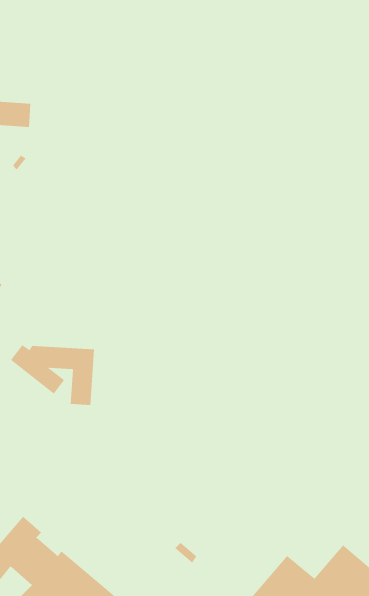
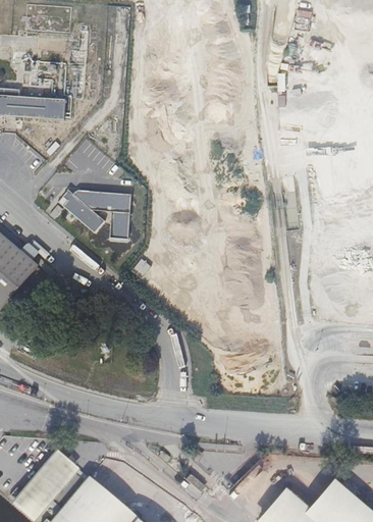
building: [10,344,95,405] -> [58,191,130,243]

